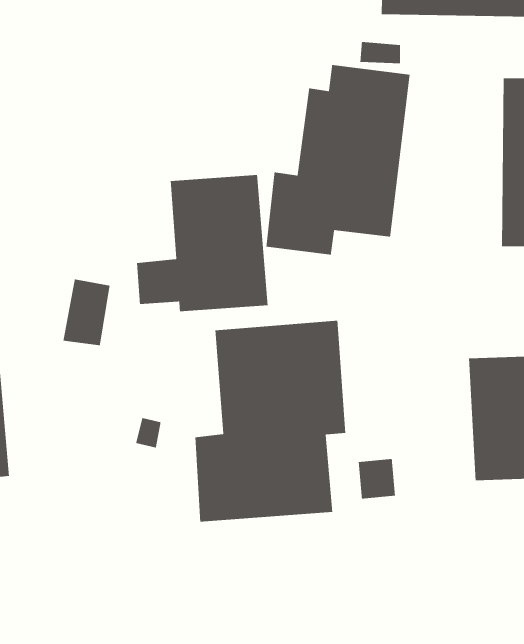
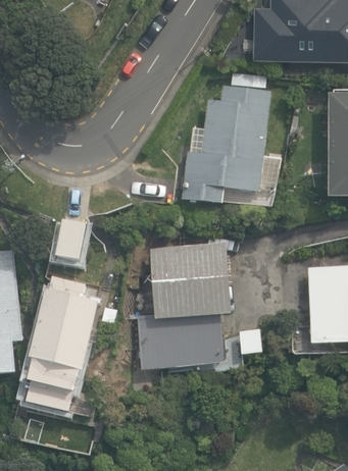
building: [136,174,269,312] -> none
building: none -> [26,276,97,411]

